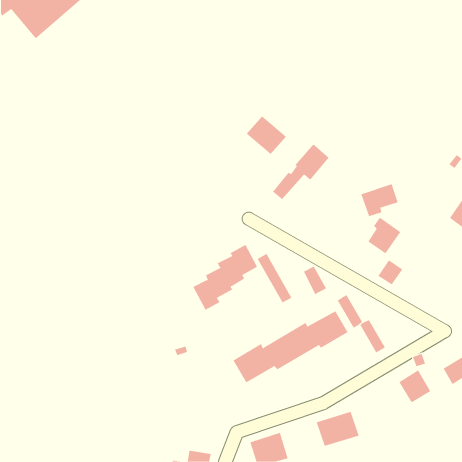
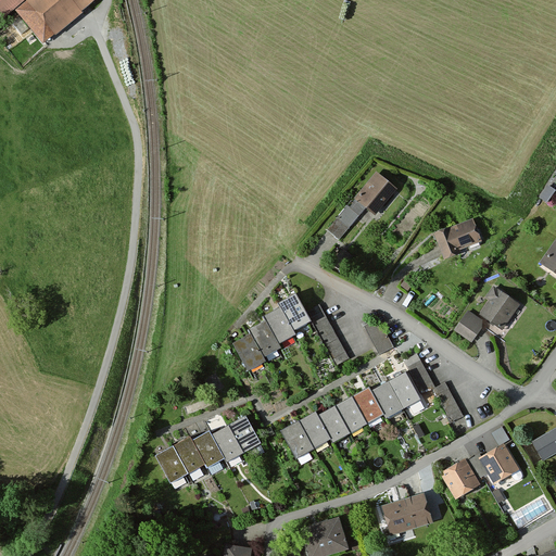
building: [246,115,287,155] -> none
building: [368,217,401,254] -> [480,286,520,330]
building: none -> [154,416,261,483]
building: none -> [440,456,480,497]

